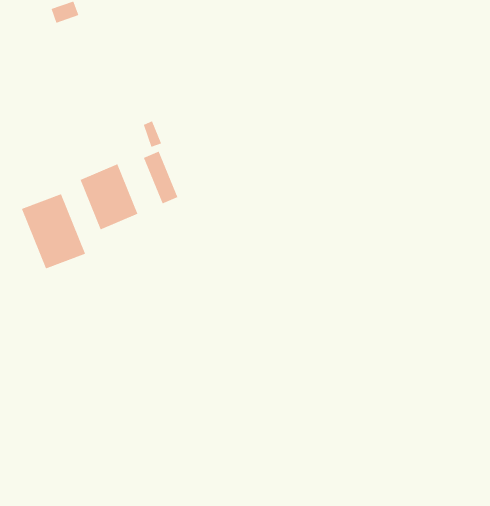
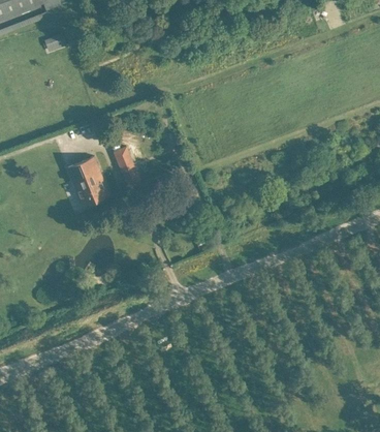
building: [21,193,86,270] -> none

